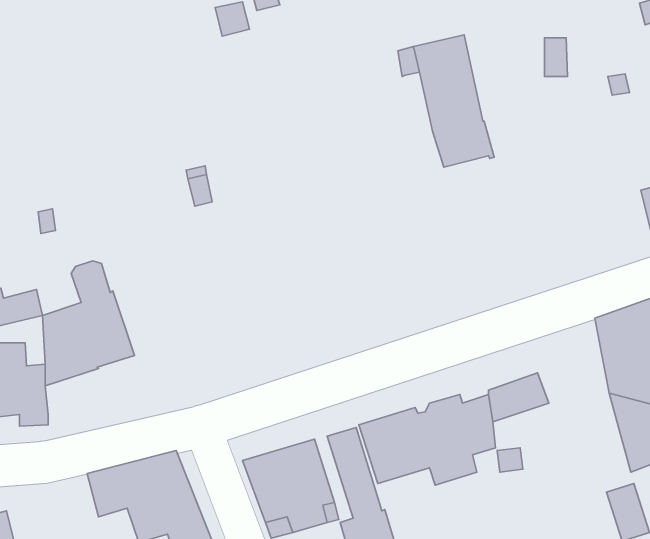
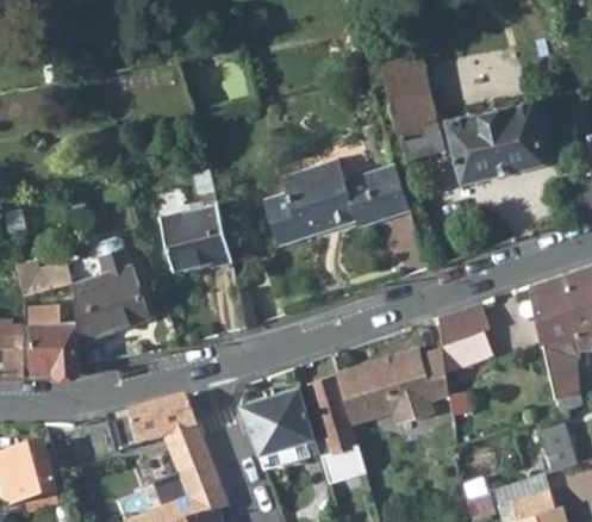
building: none -> [445,100,547,184]
building: none -> [263,160,410,246]
building: none -> [160,204,231,271]
building: none -> [438,302,491,346]

